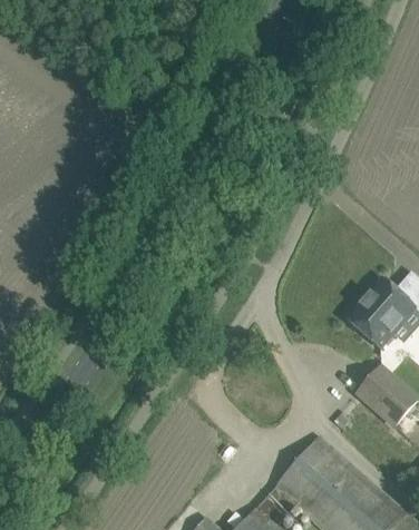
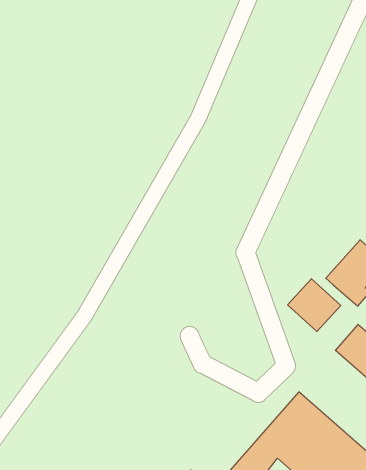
building: none -> [288,279,341,332]

